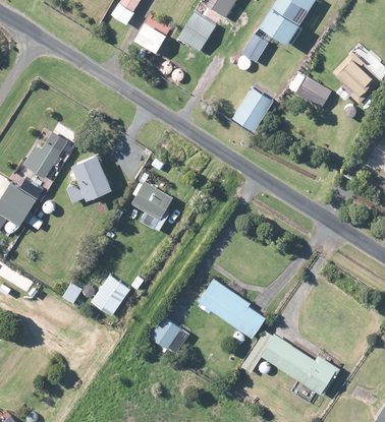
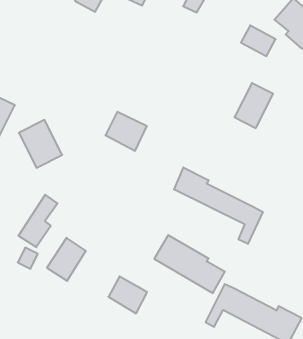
building: [232,88,272,133] -> [234,83,273,128]
building: [132,182,174,222] -> [105,112,147,151]
building: none -> [174,167,263,244]
building: none -> [19,195,57,247]

